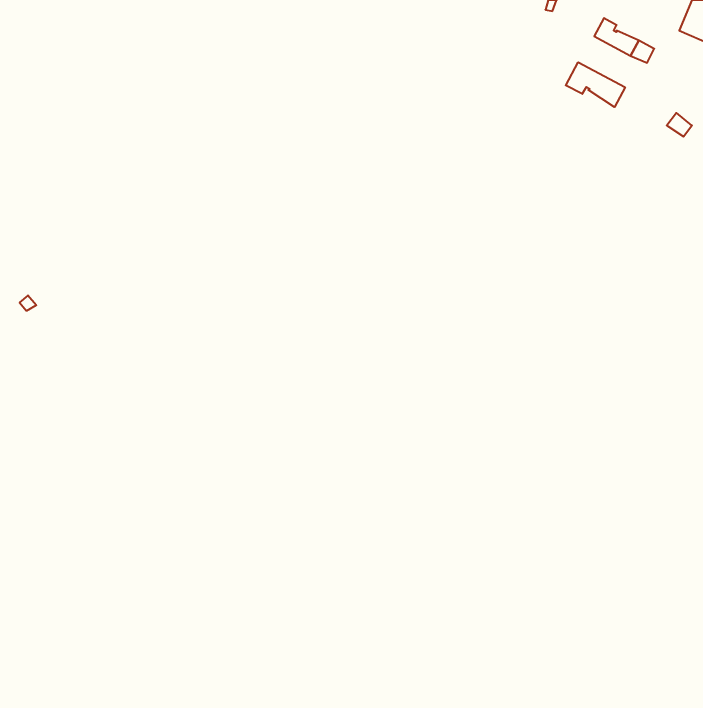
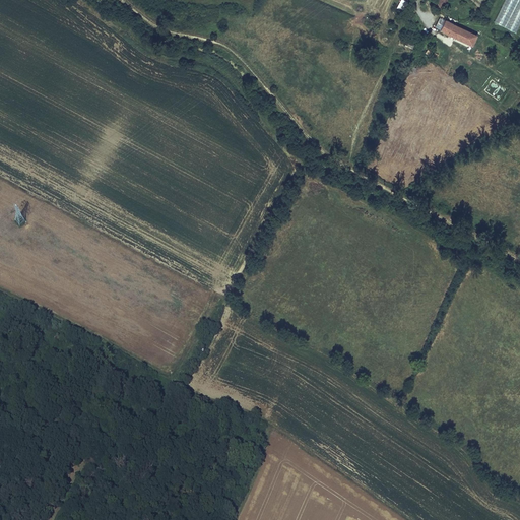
building: [566,62,625,107] -> none

